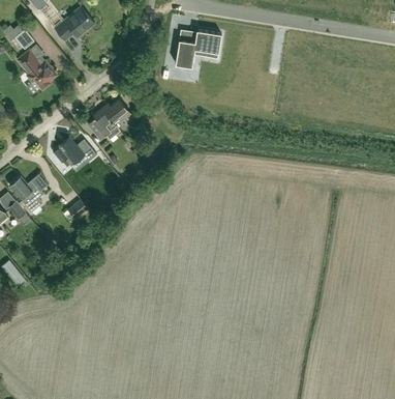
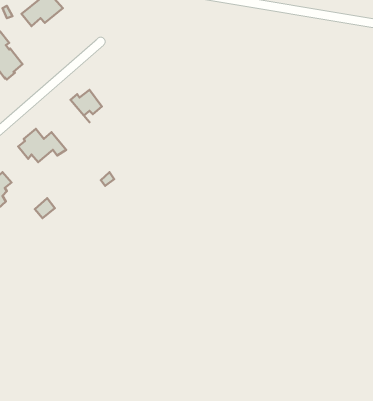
building: [175,30,221,67] -> none
building: [88,109,119,140] -> none

